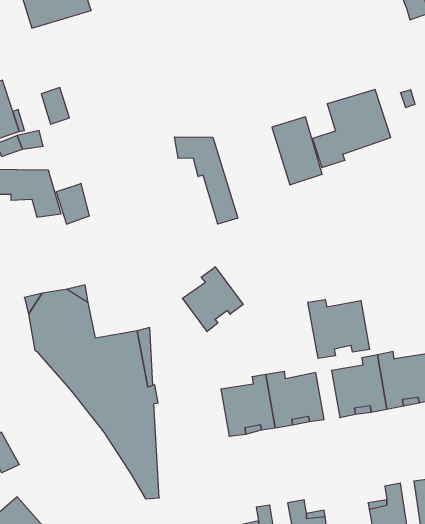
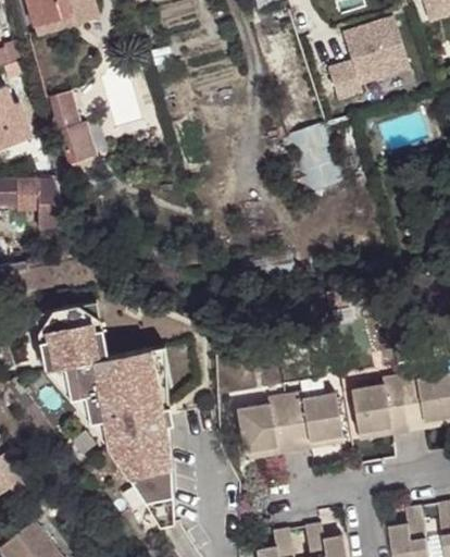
building: [312,89,391,168] -> [332,22,413,103]
building: [174,137,238,224] -> none
building: [56,184,90,224] -> [59,123,93,165]
building: [182,267,243,332] -> none
building: [308,299,370,358] -> none

